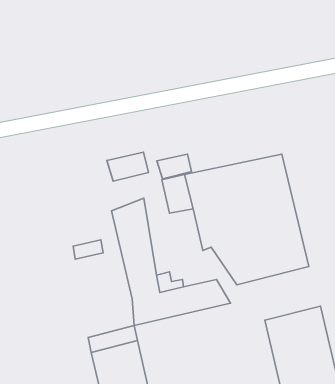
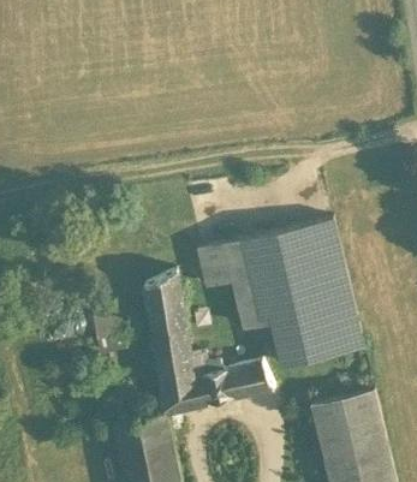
building: [107,152,148,181] -> none
building: [157,154,192,179] -> none

